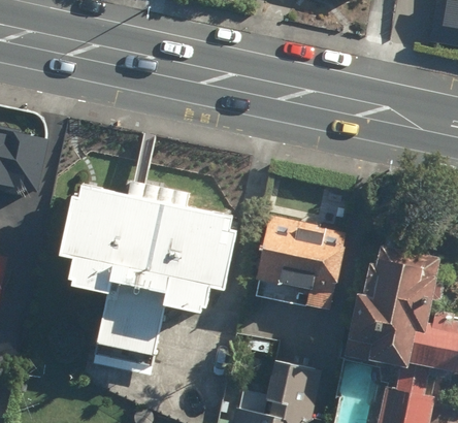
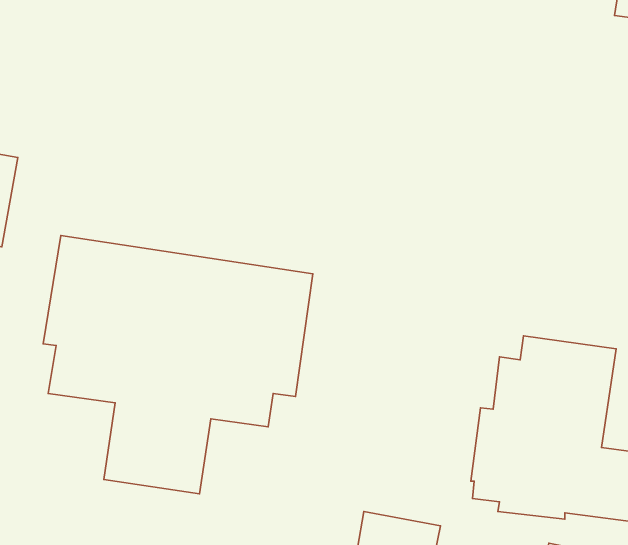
building: [266,224,351,300] -> none

